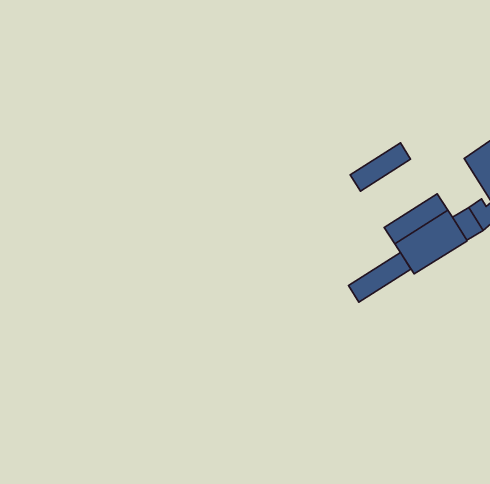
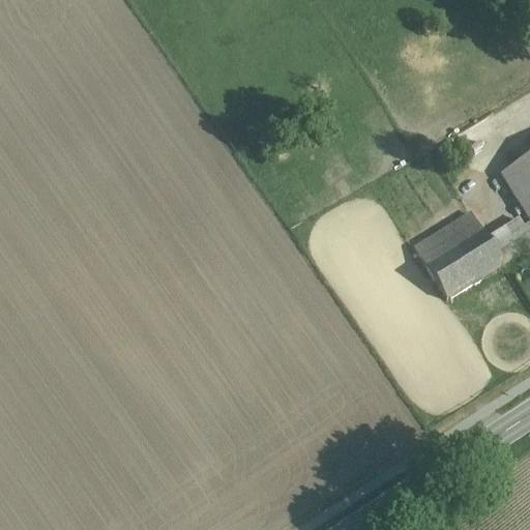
building: [350,143,411,191] -> none
building: [348,252,411,302] -> none

